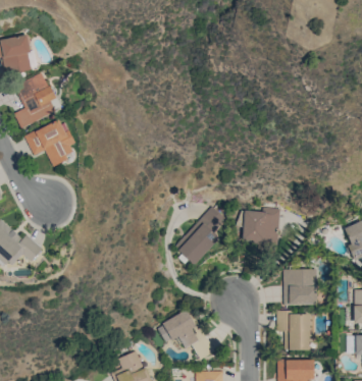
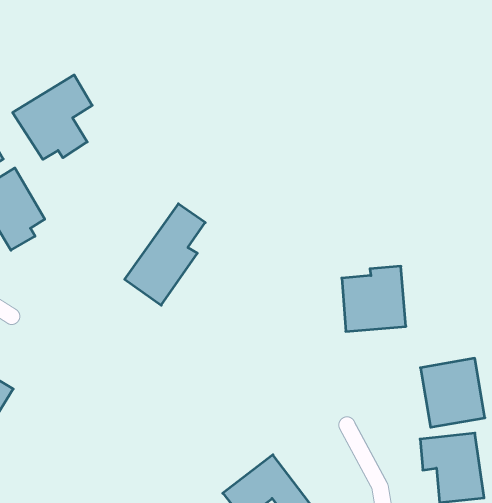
building: none -> [13,75,92,159]
building: [174,206,226,264] -> [125,204,205,305]

